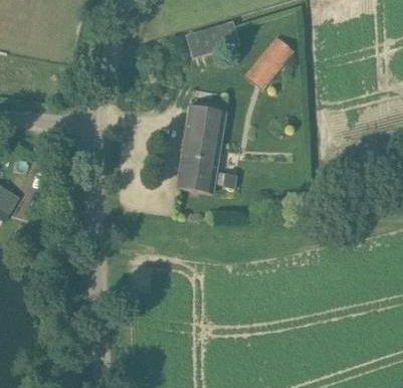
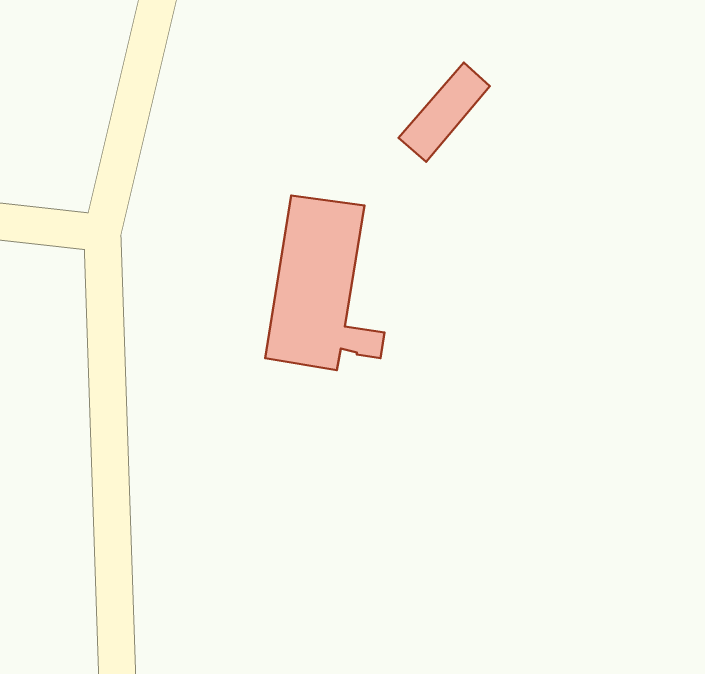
building: [185,21,239,58] -> none

